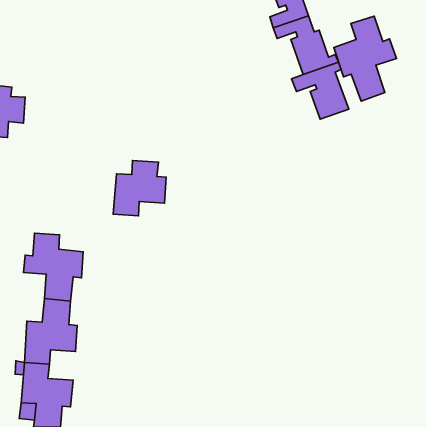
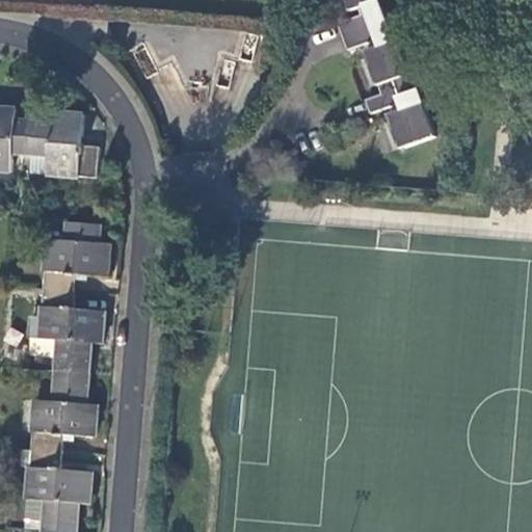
building: [334,16,397,101] -> none
building: none -> [29,111,98,178]
building: [113,160,166,216] -> [43,222,108,291]

